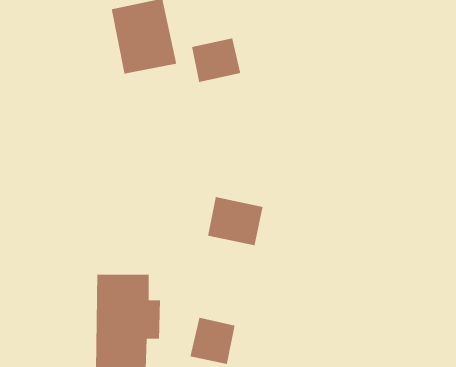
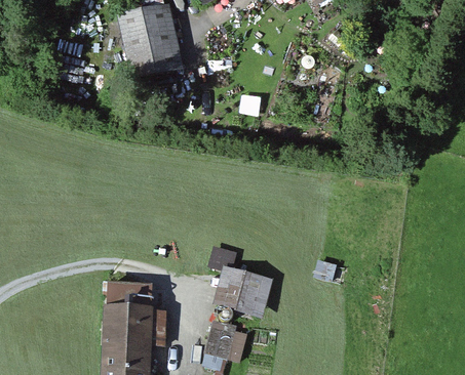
building: [191,37,241,83] -> none
building: [207,196,263,246] -> [210,266,267,317]

